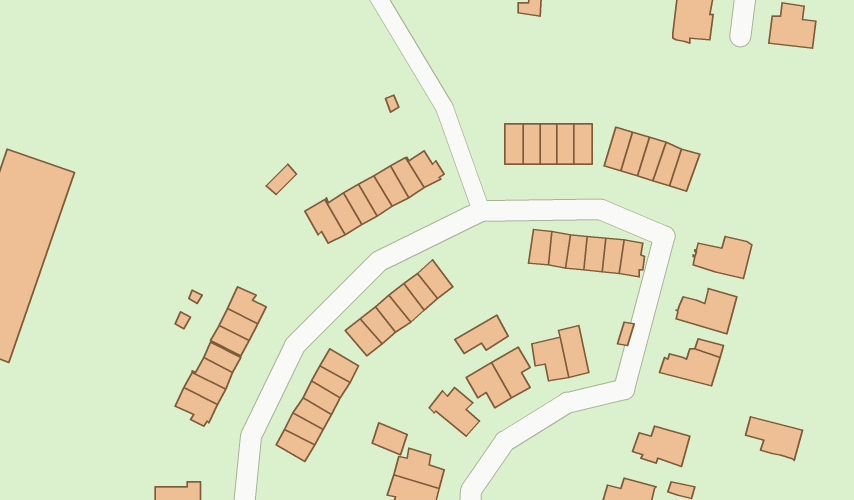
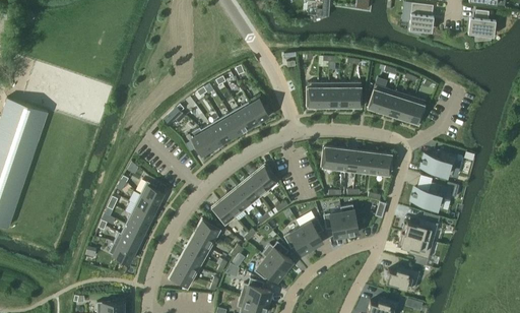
building: [455,315,508,353] -> none
building: none -> [255,257,284,281]
building: [745,417,803,460] -> [398,234,433,260]

